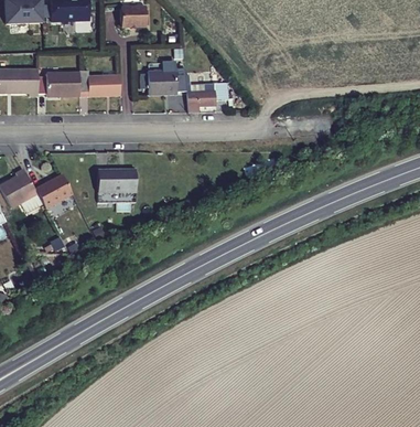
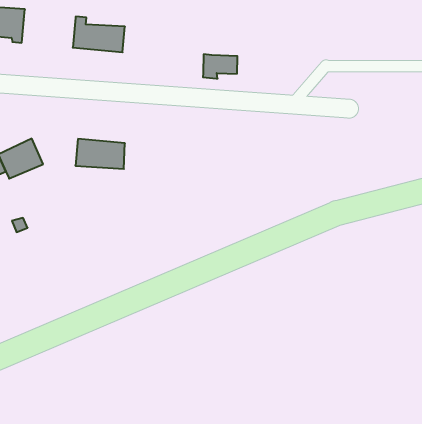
building: [149,70,177,93] -> none
building: [40,72,82,96] -> none

